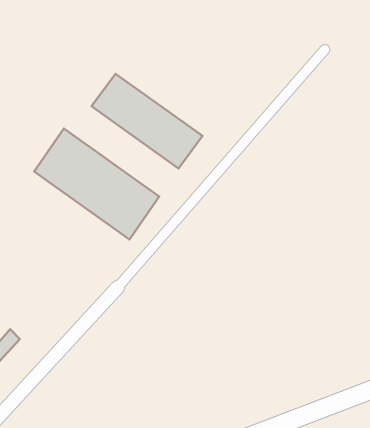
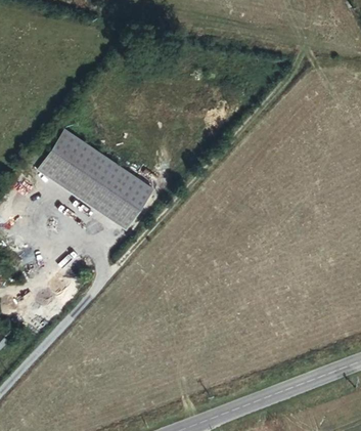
building: [91,74,202,168] -> none

